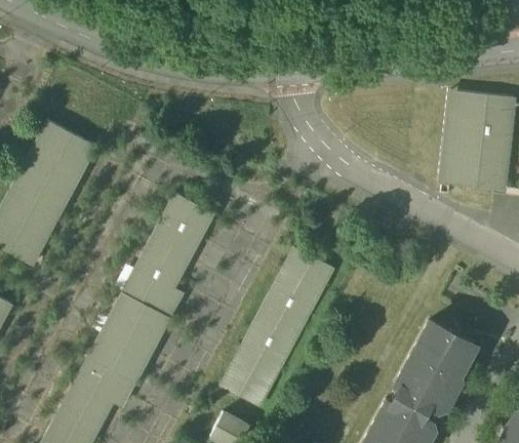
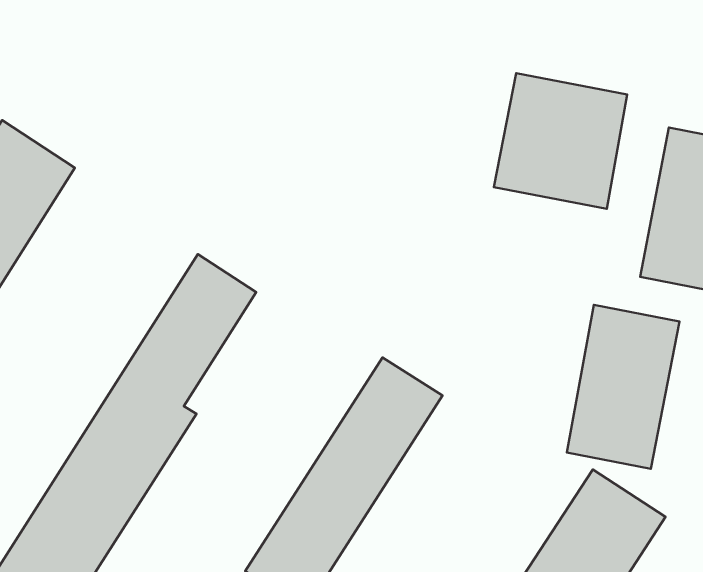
building: none -> [494,73,627,209]
building: none -> [567,305,680,469]

